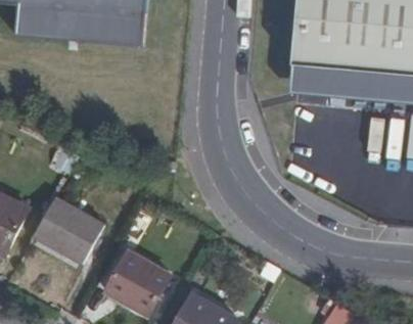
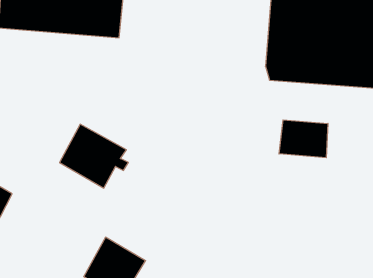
building: none -> [279,120,328,158]
building: [32,199,103,266] -> [60,124,128,188]

